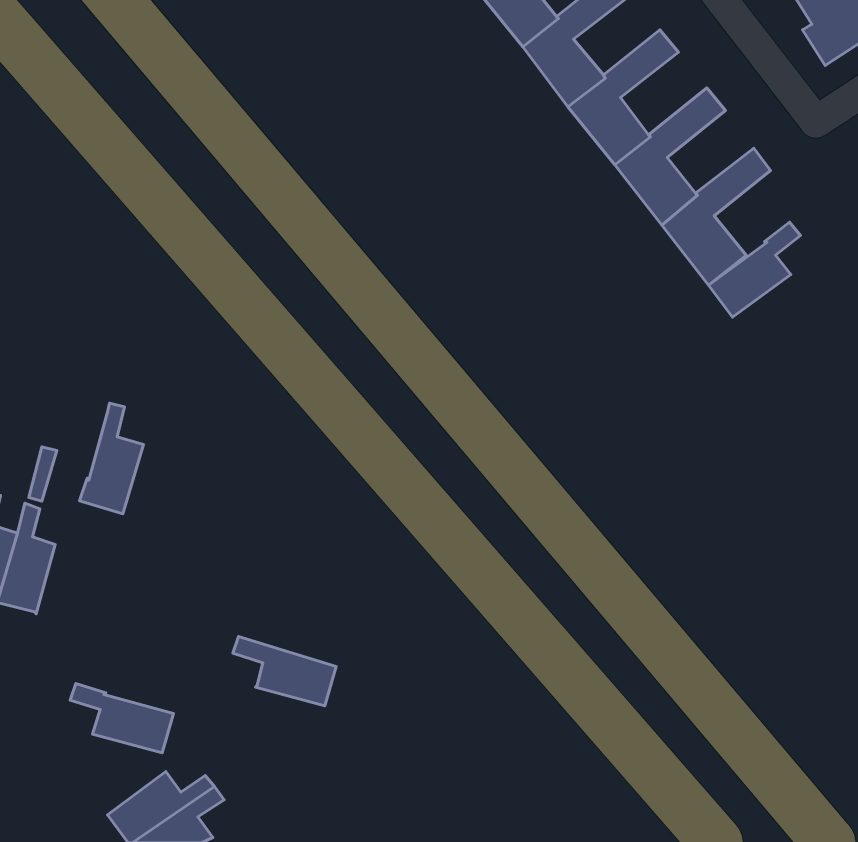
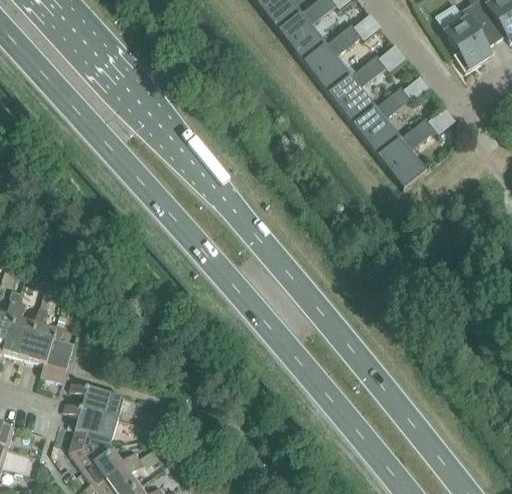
building: [709,222,800,317] -> none
building: [80,403,143,514] -> [42,323,76,382]
building: [233,636,336,706] -> [71,380,126,417]
building: none -> [71,428,116,471]

